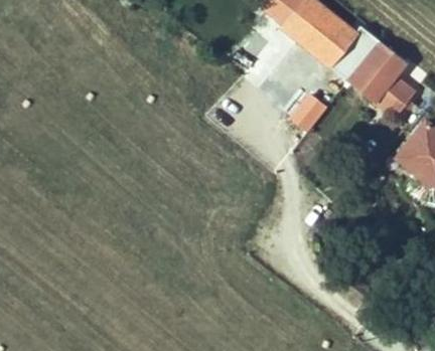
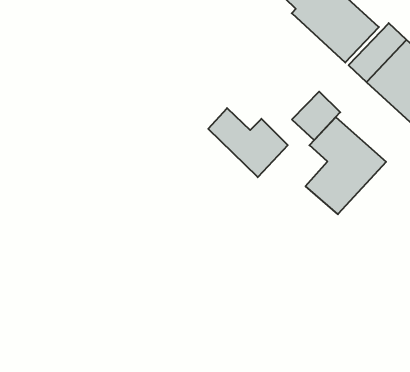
building: none -> [208,108,288,177]
building: none -> [306,117,386,214]

